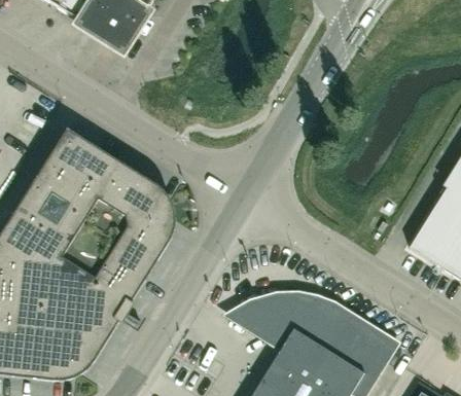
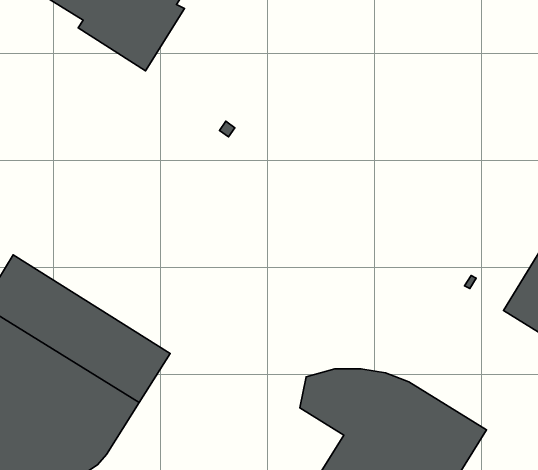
building: [20,128,175,281] -> none

